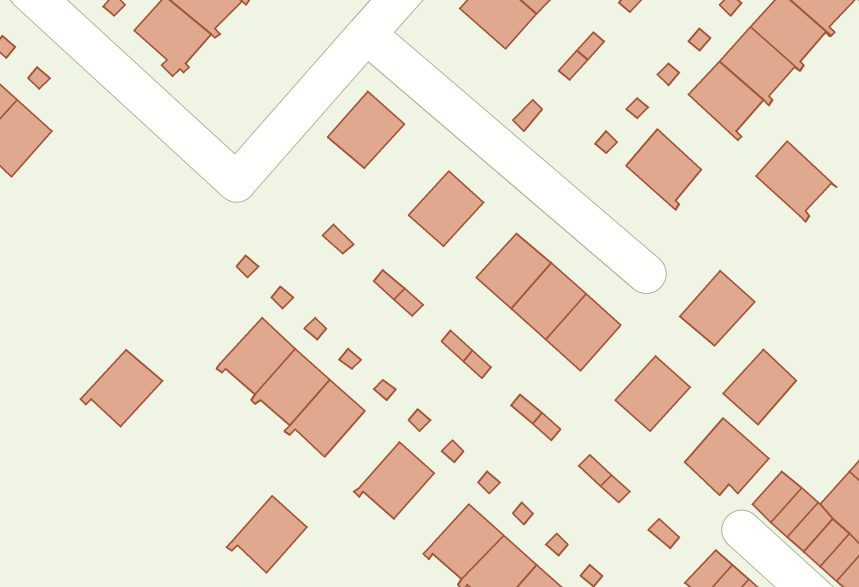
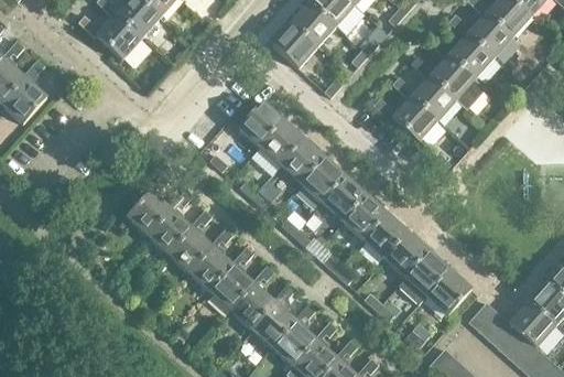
building: none -> [273,22,319,68]
building: [328,91,404,168] -> [239,100,285,147]
building: [756,141,837,222] -> [411,74,459,122]
building: none -> [282,139,326,184]
building: [680,271,755,346] -> [365,213,410,258]
building: [723,349,796,425] -> [406,250,451,295]
building: [80,350,163,427] -> [123,190,173,236]
building: none -> [249,302,297,348]
building: [226,496,307,573] -> [207,265,256,311]

